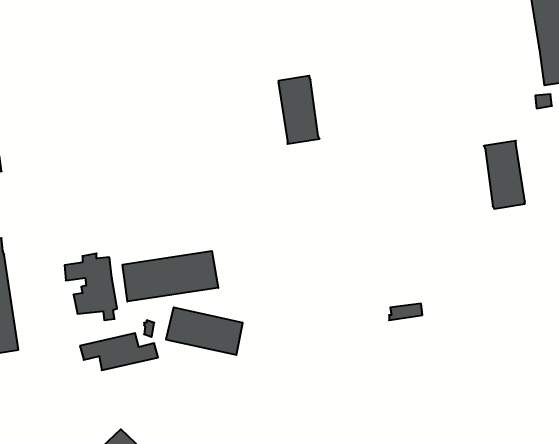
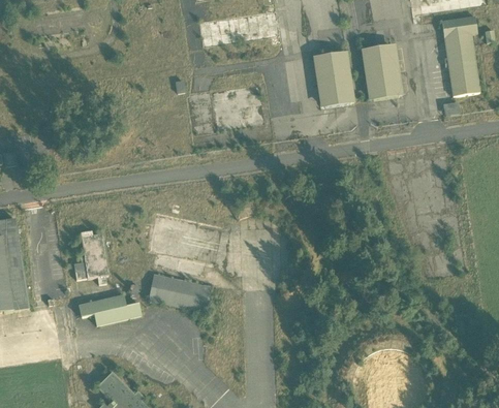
building: [278,76,320,144] -> [316,52,349,106]
building: [484,141,525,209] -> [364,44,397,99]
building: [123,251,218,302] -> none

